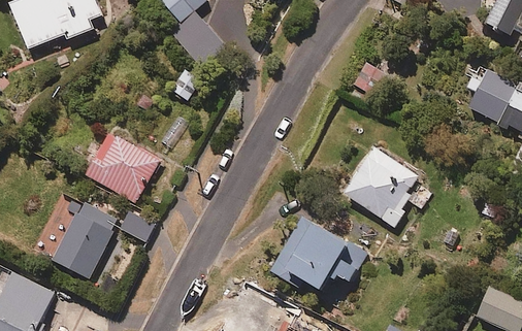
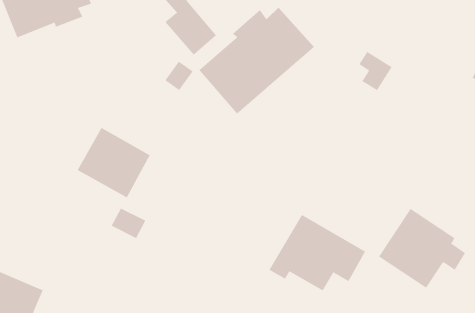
building: none -> [199,7,315,114]
building: [345,147,429,225] -> [378,208,466,289]
building: [51,202,119,278] -> none

